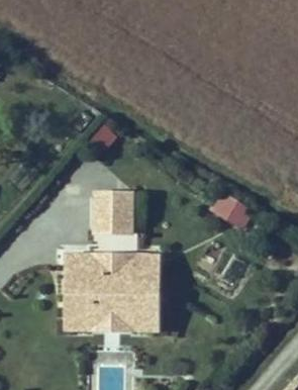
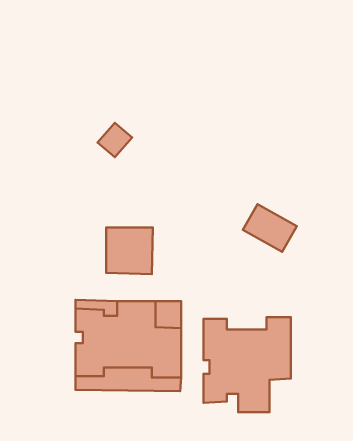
building: none -> [204,317,291,412]

